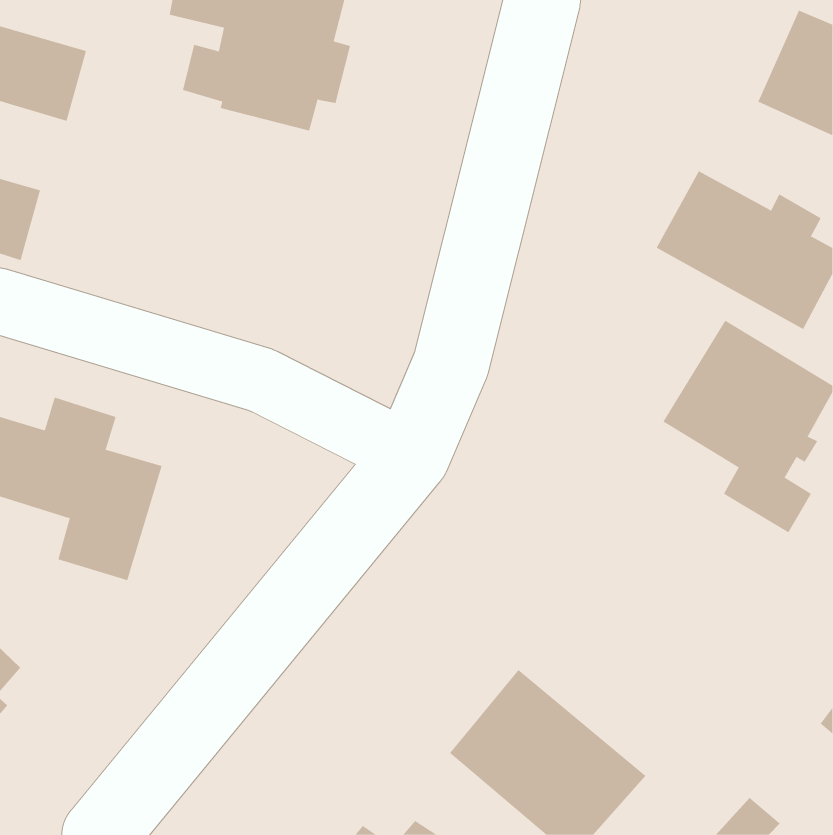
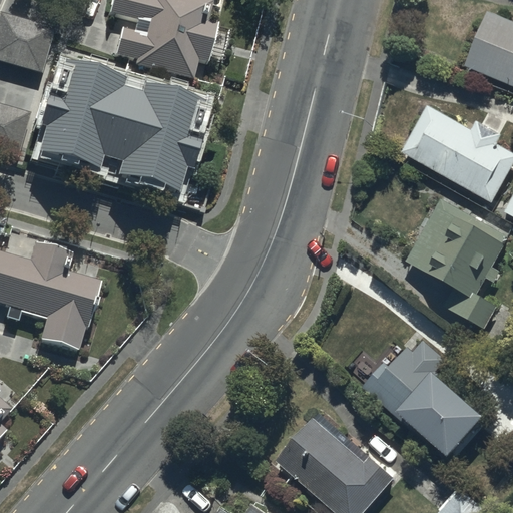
building: none -> [38,65,201,199]
building: none -> [362,337,486,458]

